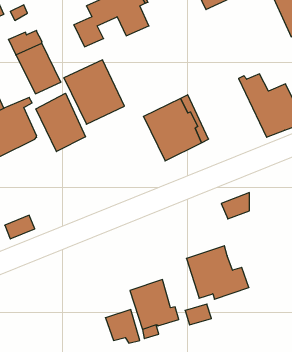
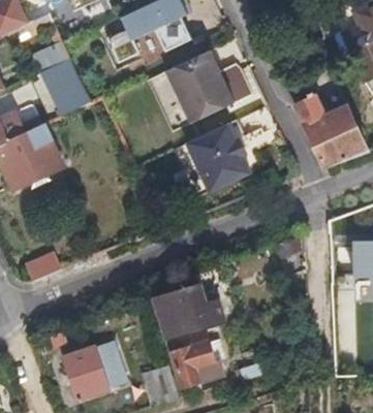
building: [64,60,124,124] -> [164,50,234,123]
building: [36,93,85,152] -> none
building: [186,246,249,299] -> [152,272,223,332]
building: none -> [63,340,126,398]

